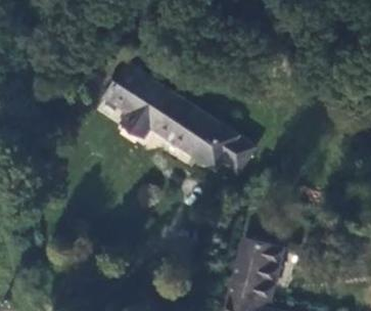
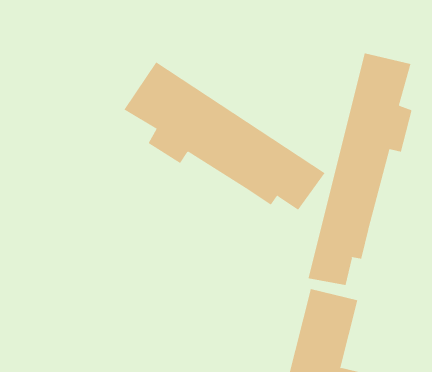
building: none -> [308,53,412,286]

